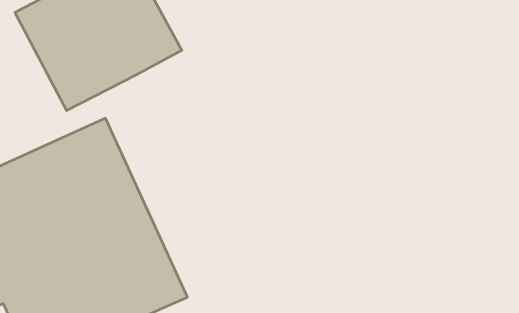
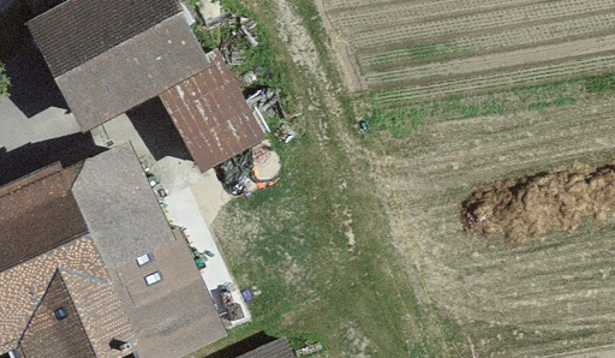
building: none -> [161,62,257,173]

